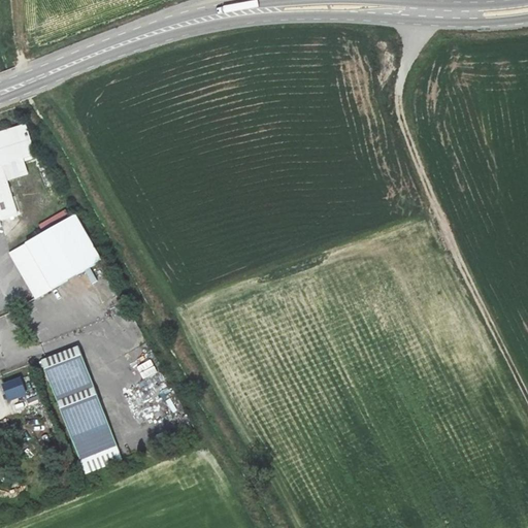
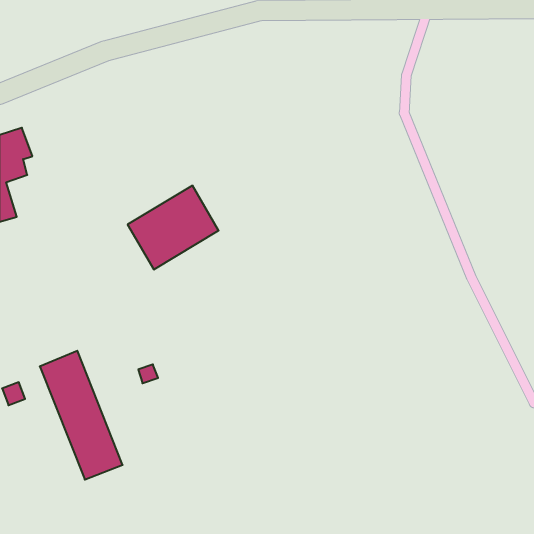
building: [9,213,99,296] -> [128,186,219,269]

